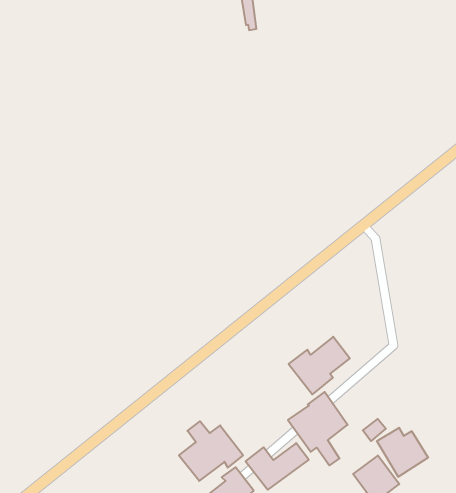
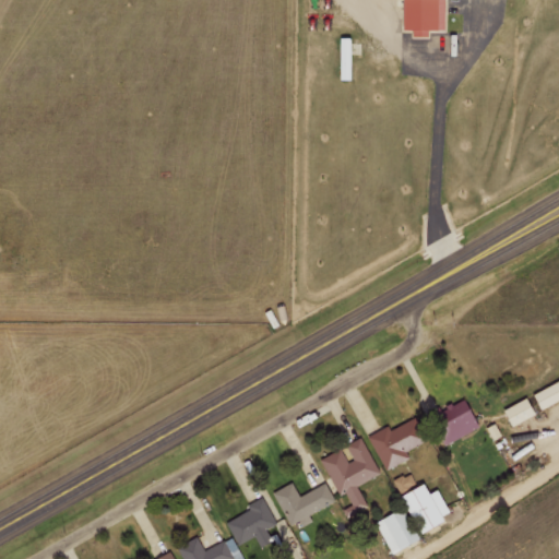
building: none -> [430,397,481,445]
building: [289,337,350,394] -> [368,417,429,471]
building: [179,421,243,481] -> none

